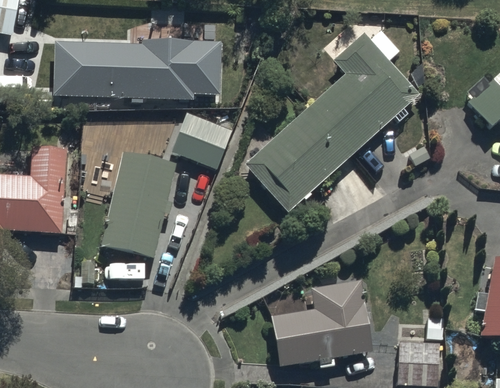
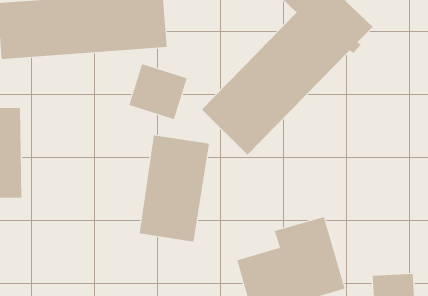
building: [102,152,179,261] -> [139,135,210,242]

